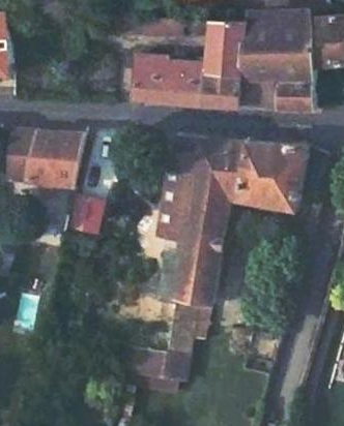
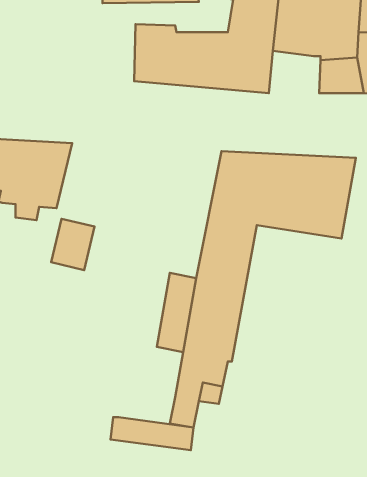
building: [238,67,274,100] -> none
building: [154,144,201,245] -> none

